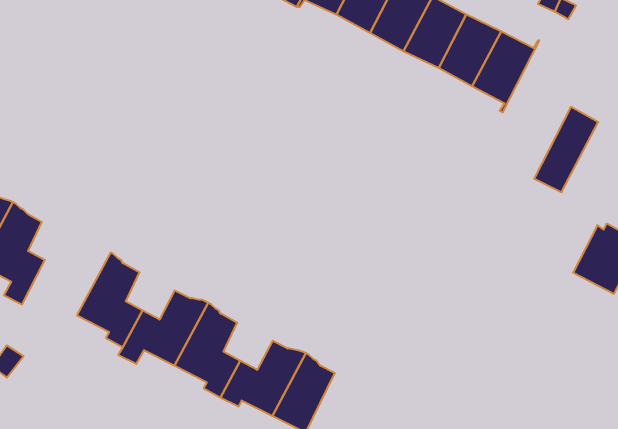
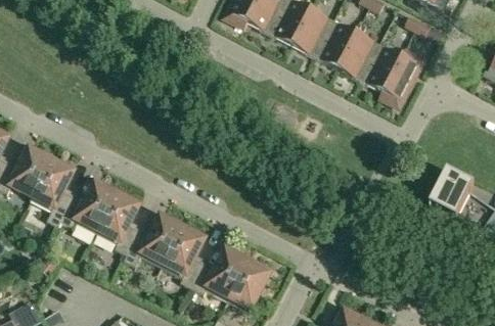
building: [534,107,598,192] -> [381,49,424,106]
building: none -> [59,183,119,233]

